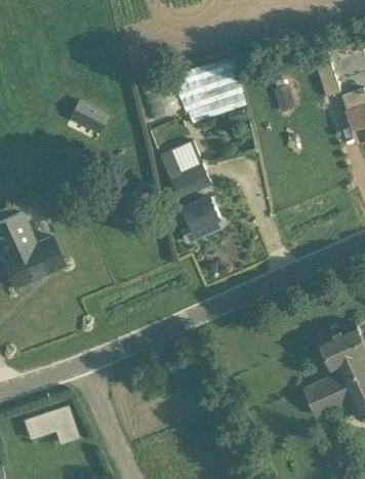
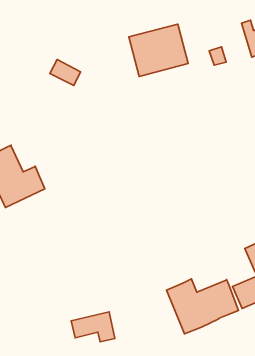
building: [162,141,220,243] -> none
building: none -> [167,279,239,334]
building: [23,404,78,442] -> [71,312,115,342]

